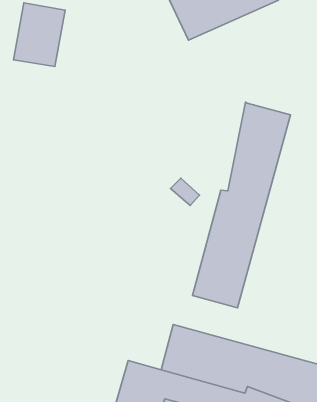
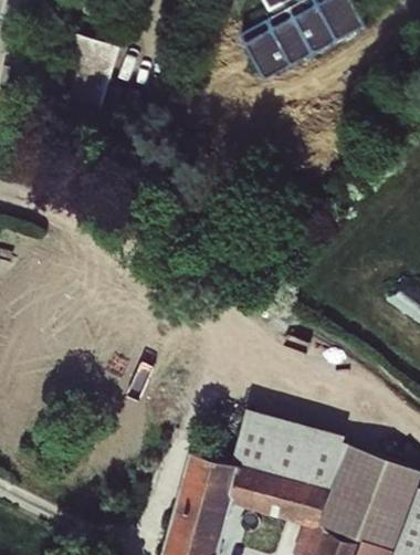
building: [192,102,290,308] -> none

